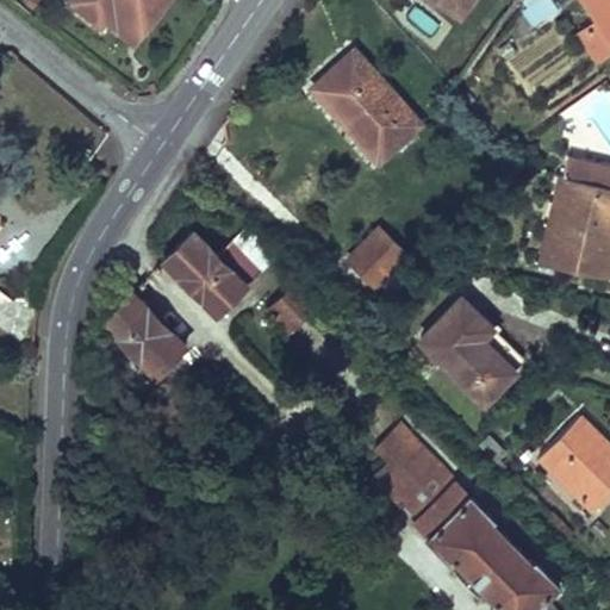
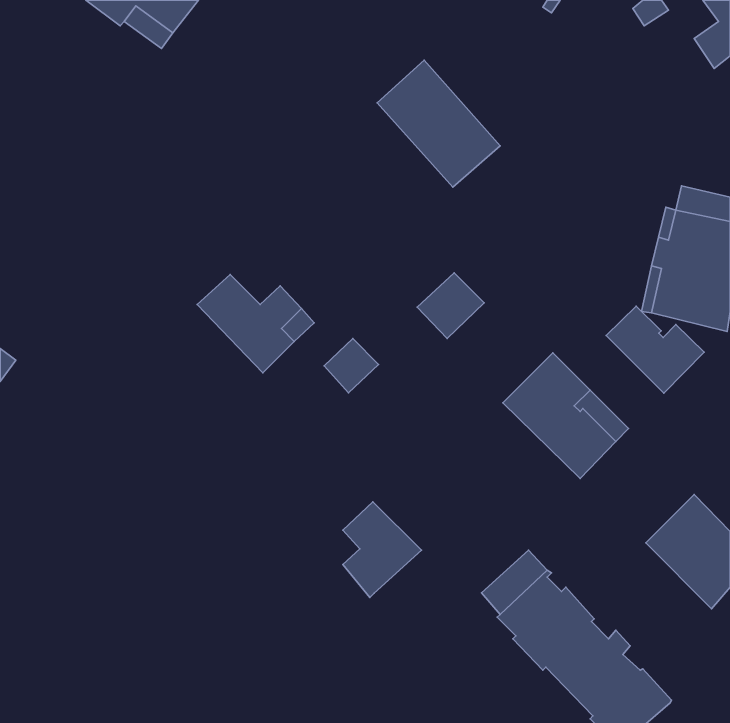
building: none -> [606,306,704,393]
building: [104,293,185,376] -> none
building: [375,424,441,504] -> [343,502,421,597]

